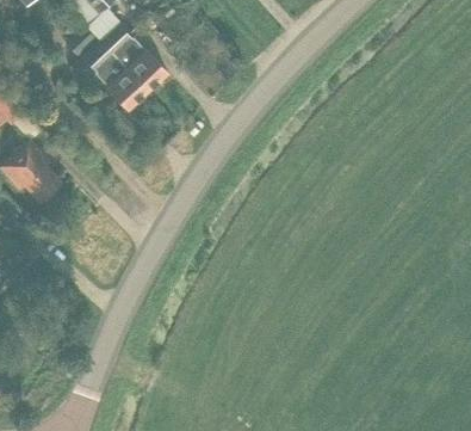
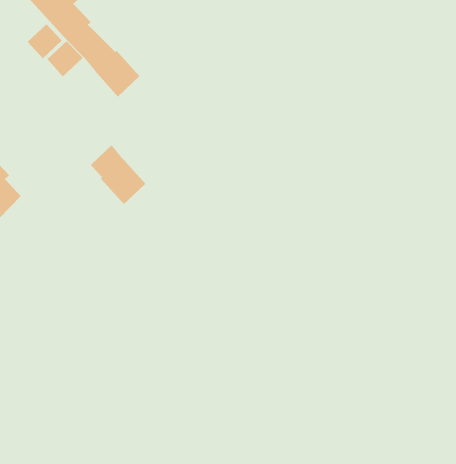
building: [95,55,147,110] -> [89,144,146,205]

